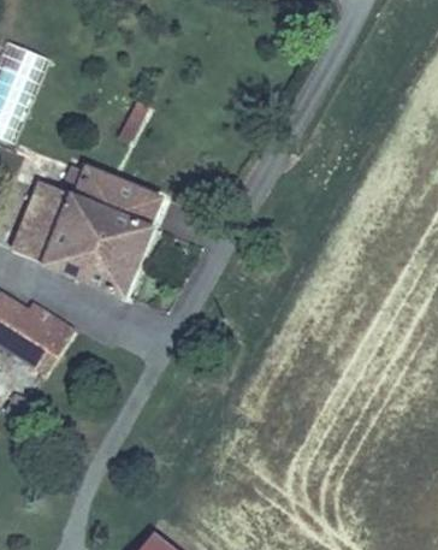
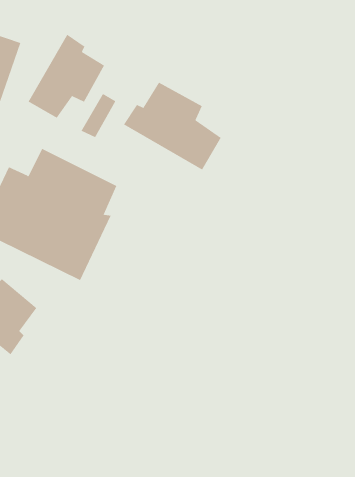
building: none -> [28,34,105,119]
building: none -> [123,82,222,171]

